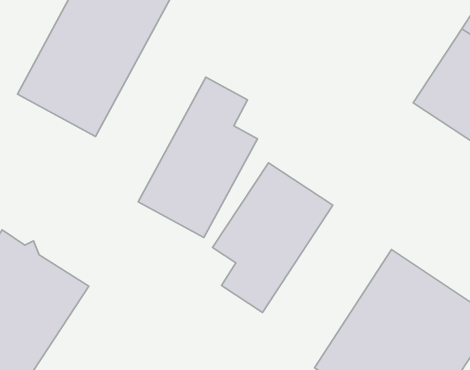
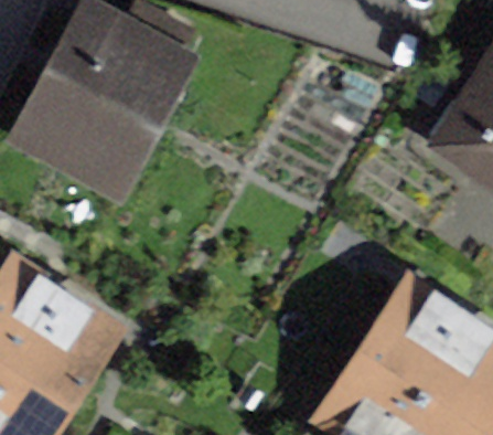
building: [138,77,258,237] -> none
building: [213,163,333,312] -> none

